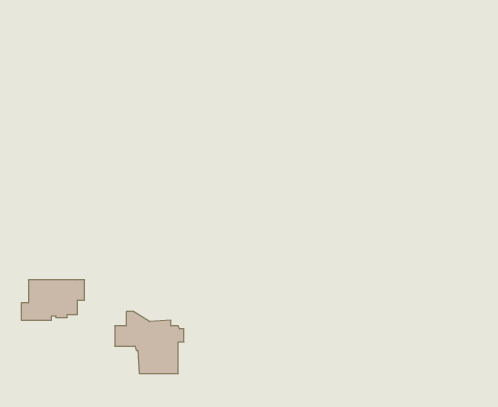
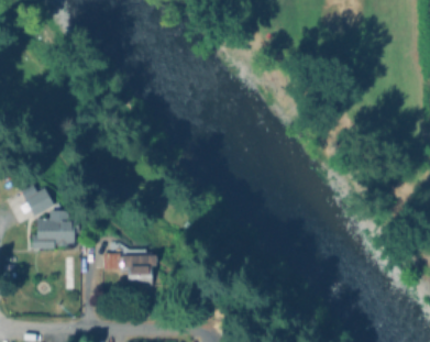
building: none -> [25,189,55,218]

